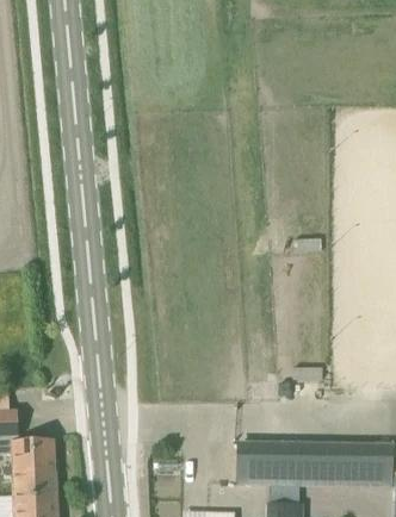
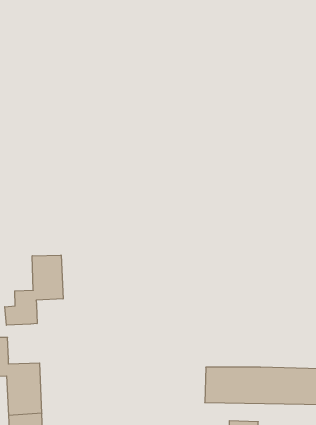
building: none -> [5,255,63,325]

